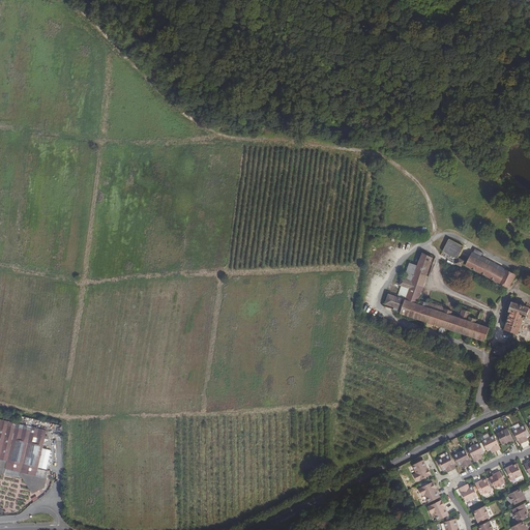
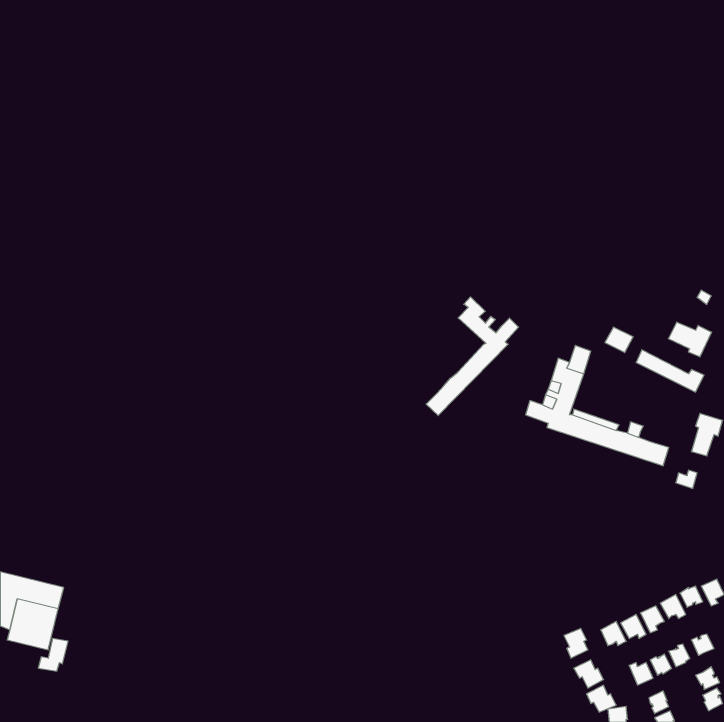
building: none -> [426,297,519,416]
building: none -> [668,322,712,357]

